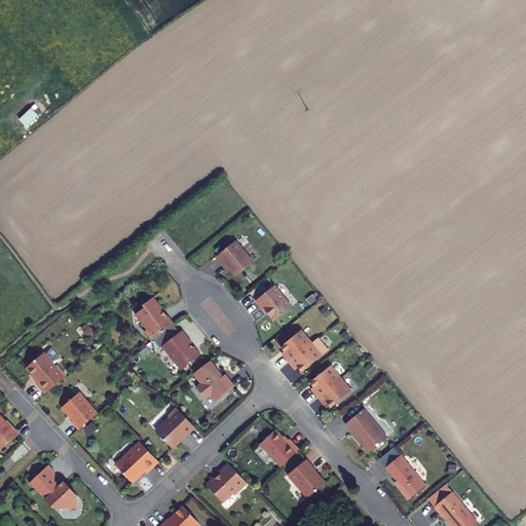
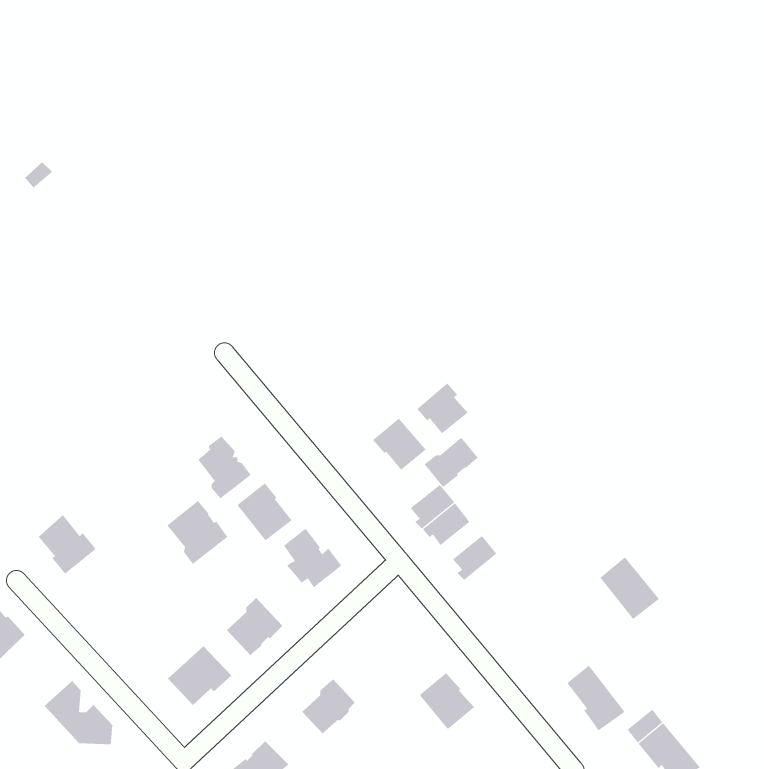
building: [217,242,253,278] -> none
building: none -> [417,382,469,434]
building: none -> [424,437,479,488]
building: none -> [166,500,228,565]
building: [316,378,349,408] -> none
building: [61,391,97,428] -> none
building: [343,409,384,452] -> [600,557,660,620]
building: [259,430,297,466] -> none

